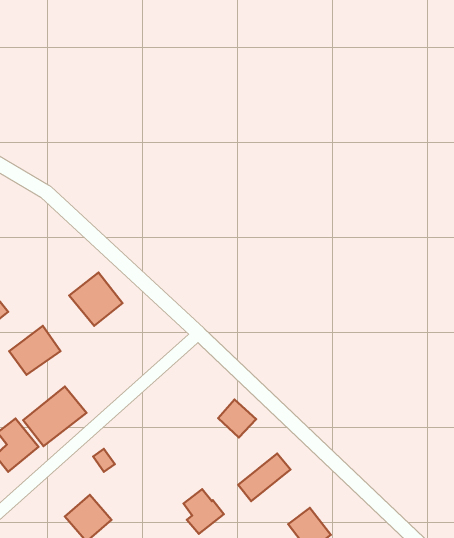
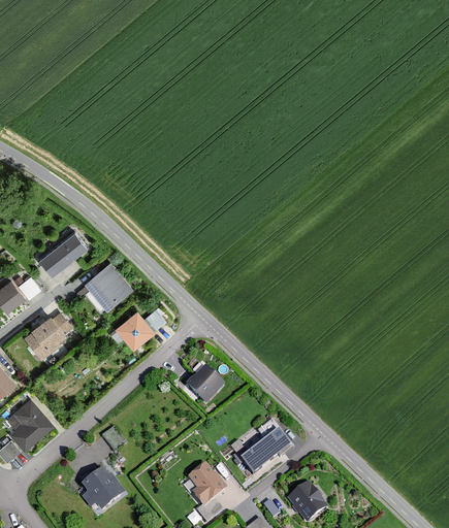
building: none -> [40,231,89,275]
building: none -> [117,309,157,350]
building: [23,387,87,446] -> none
building: [218,400,256,438] -> [186,367,222,403]

